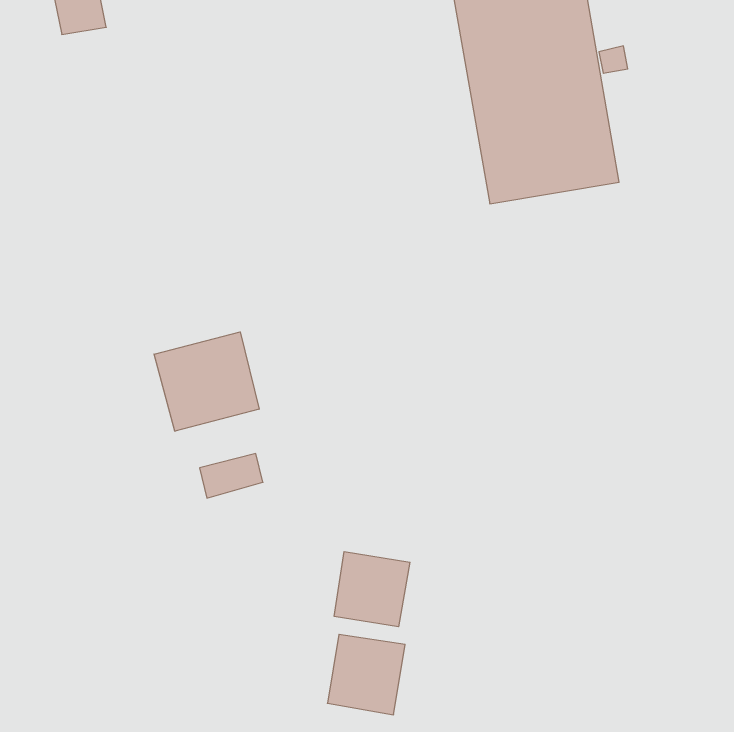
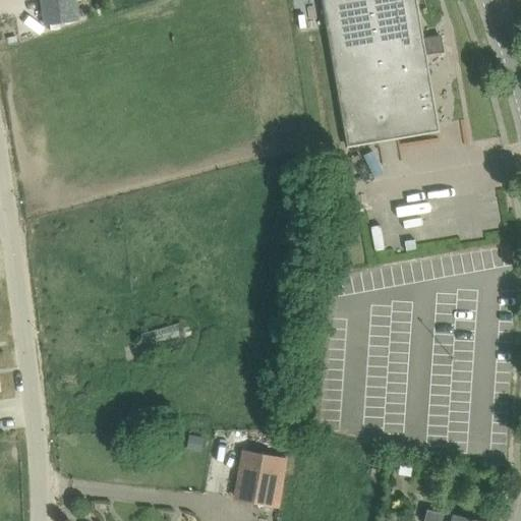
building: [154,332,259,431] -> none
building: [334,552,410,627] -> none

